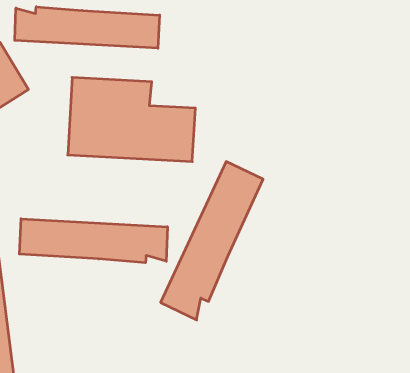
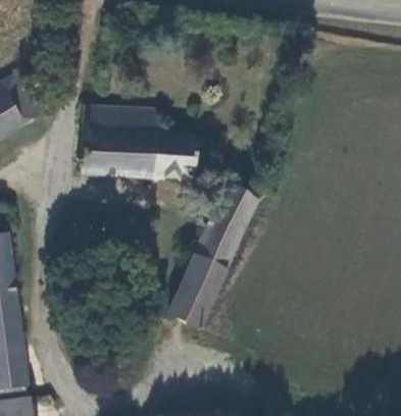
building: [15,7,160,48] -> none
building: [19,219,167,263] -> none

